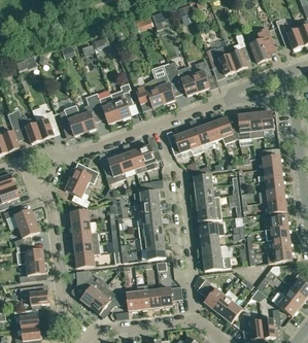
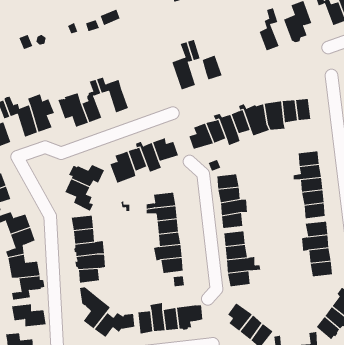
building: [209,46,236,75] -> none
building: [193,60,212,92] -> none
building: [135,78,164,108] -> none
building: [111,83,134,119] -> none

